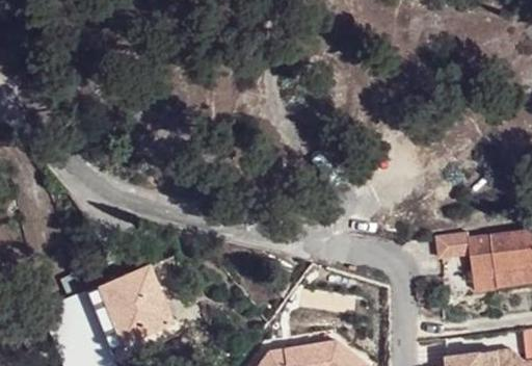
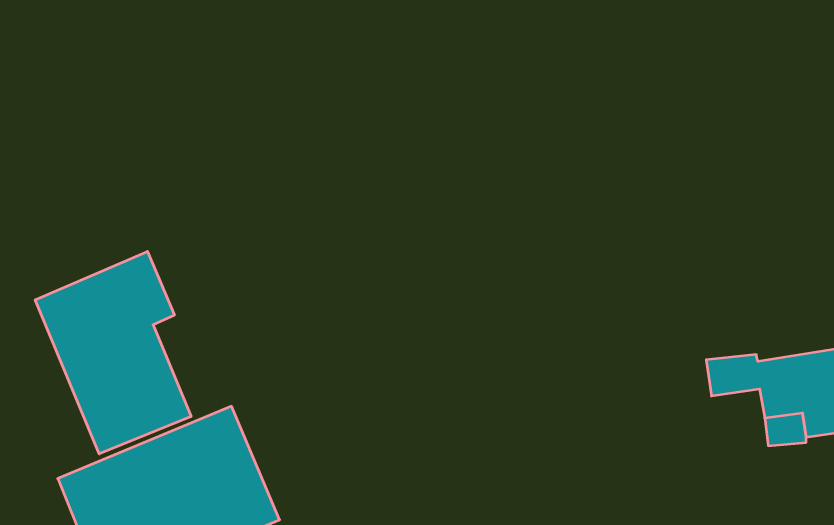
building: none -> [35,251,191,454]

